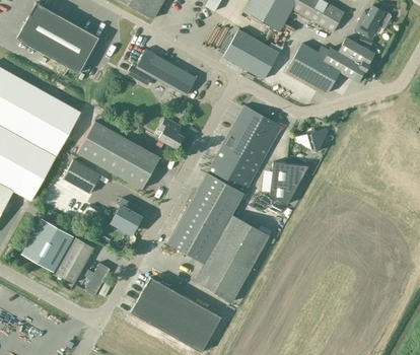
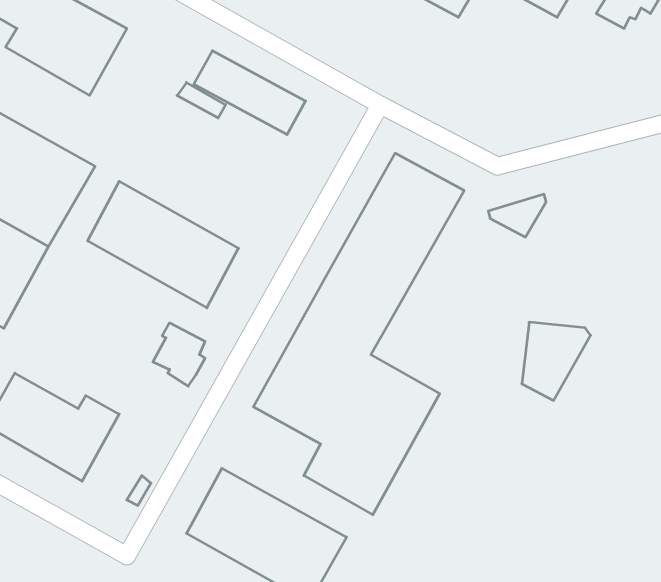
building: [223,29,278,79] -> none
building: [286,38,374,93] -> none
building: [158,118,184,149] -> none
building: [63,160,100,194] -> none
building: [269,162,306,205] -> [522,322,591,400]
building: [84,264,110,296] -> none

